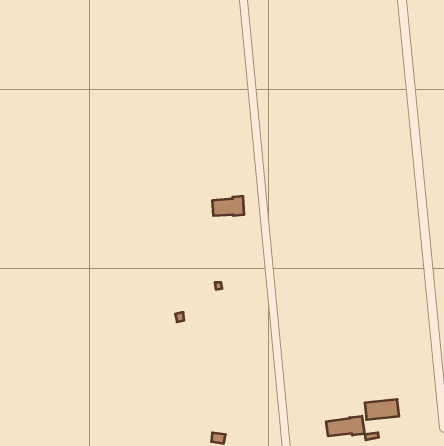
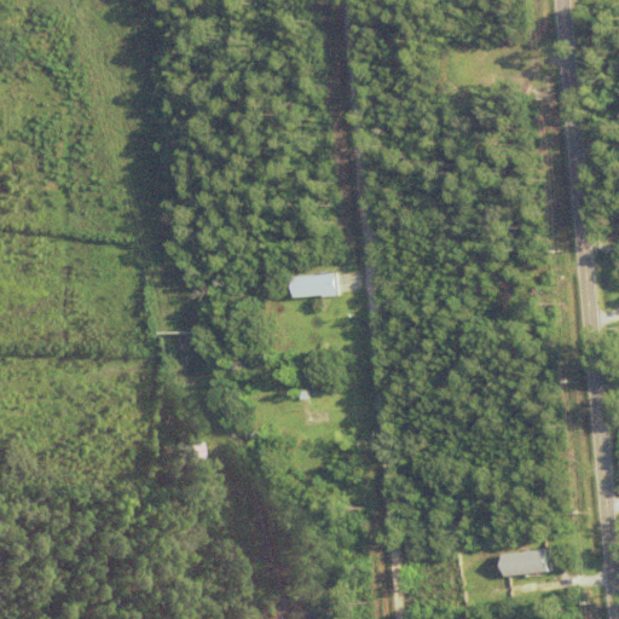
building: [326,416,365,436] -> none

